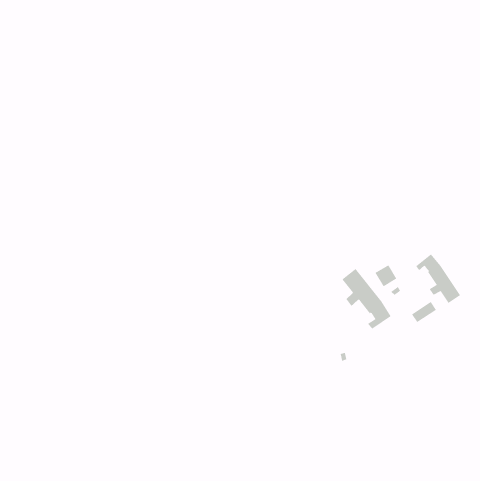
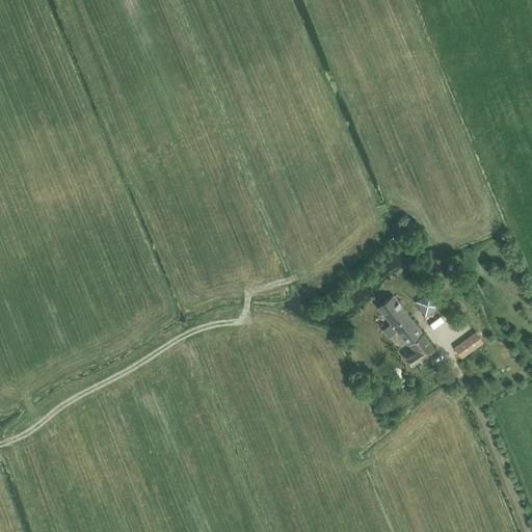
building: [416,254,461,304] -> none

